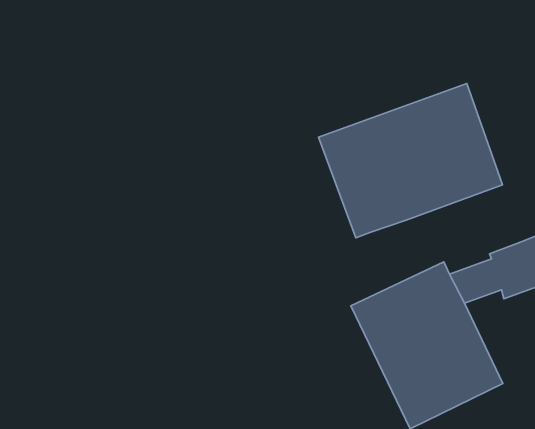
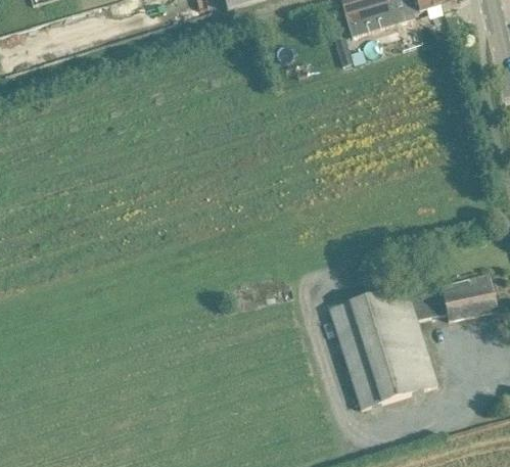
building: [319,84,503,238] -> none

